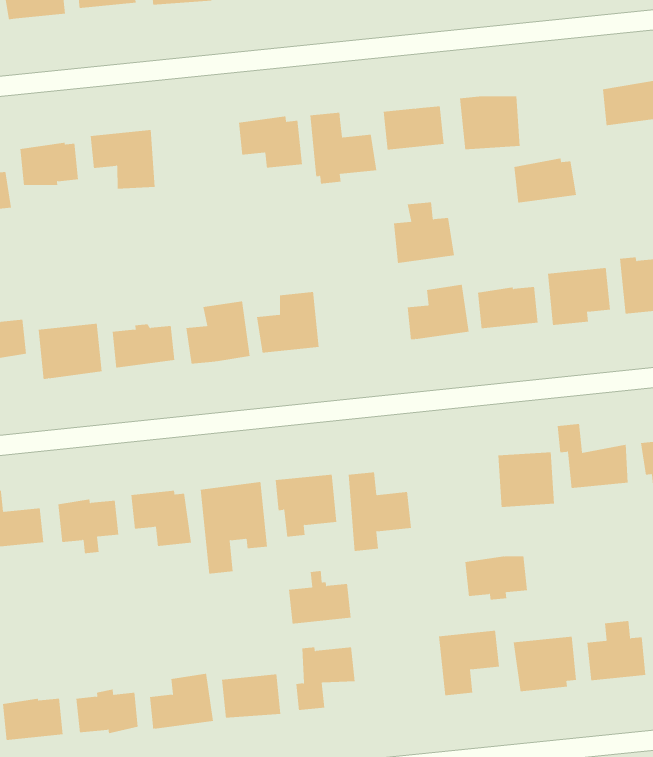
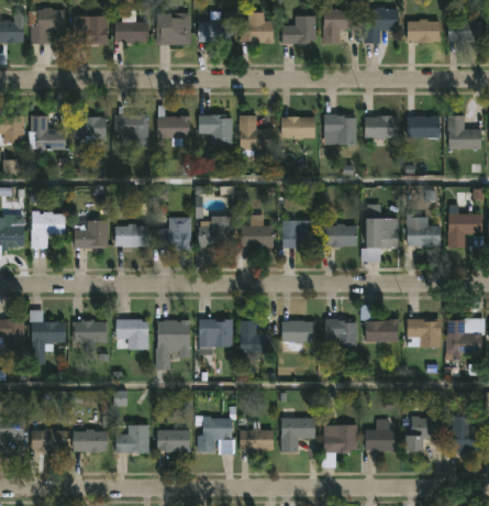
building: none -> [156,106,189,146]
building: [514,158,577,203] -> [364,116,398,139]
building: [393,202,455,263] -> [241,216,274,249]
building: [465,556,528,600] -> [280,321,314,345]
building: [288,571,351,624] -> [240,422,274,451]

